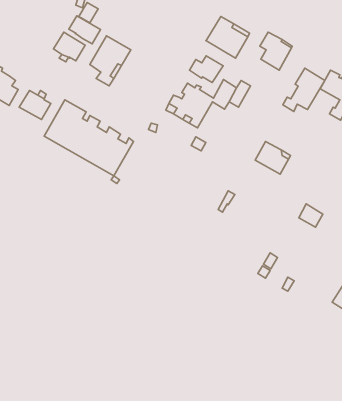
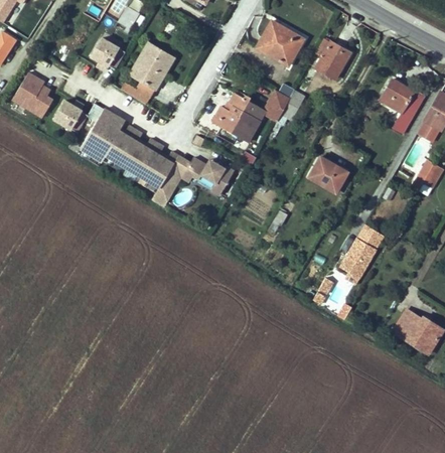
building: [69,16,100,44] -> none
building: [189,56,223,82] -> none
building: [283,68,325,112] -> none
building: none -> [181,157,233,194]
building: none -> [337,238,375,278]

